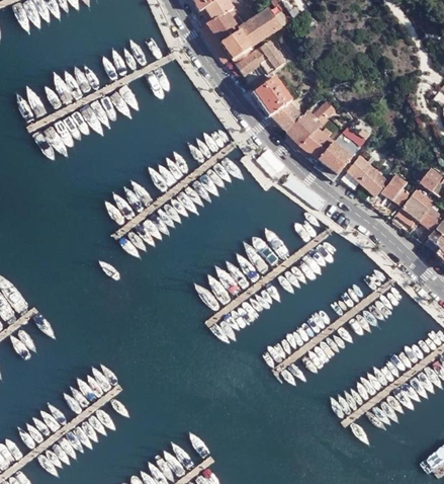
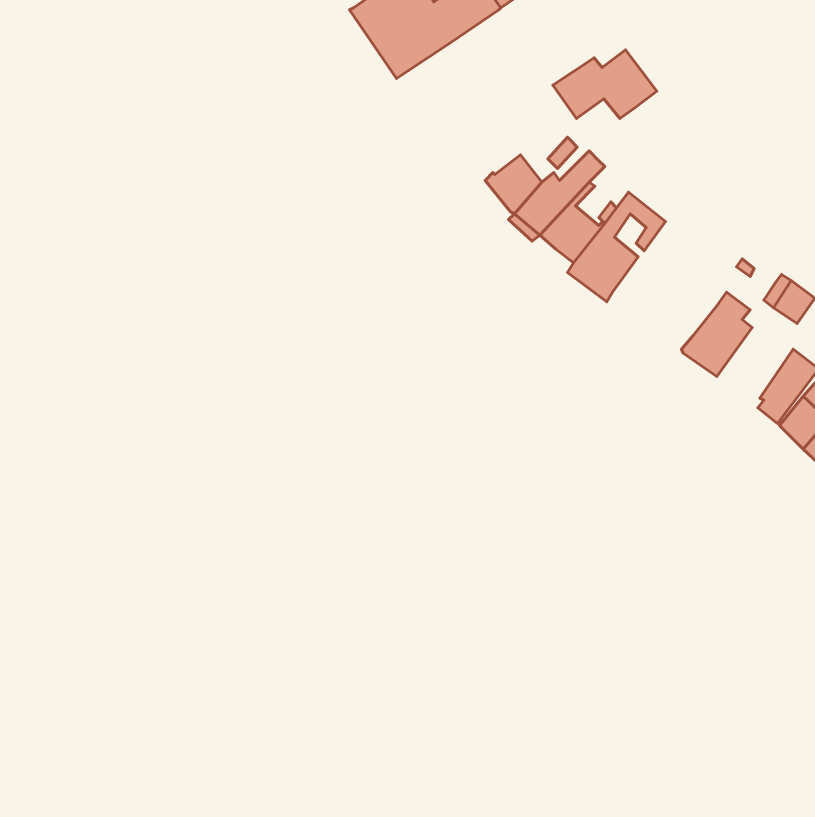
building: [233,41,286,76] -> [553,50,657,118]
building: [256,75,295,115] -> none
building: [347,156,388,203] -> none
building: [392,186,434,231] -> none

